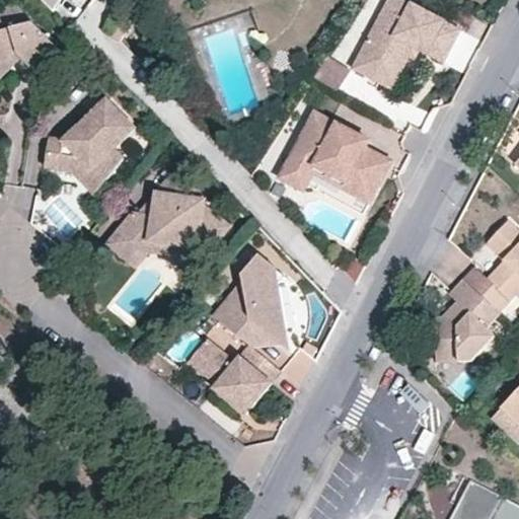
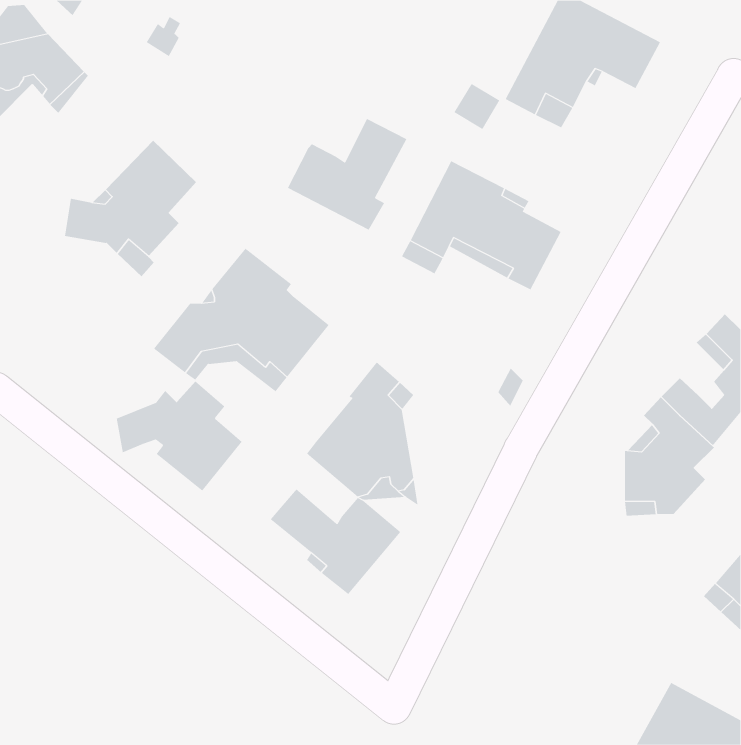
building: none -> [287,118,407,231]
building: none -> [116,381,242,491]

